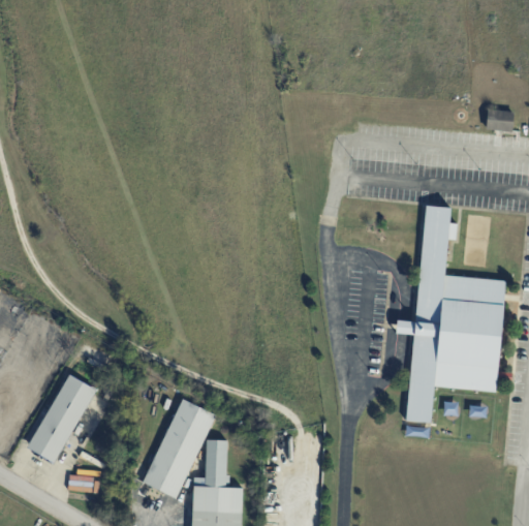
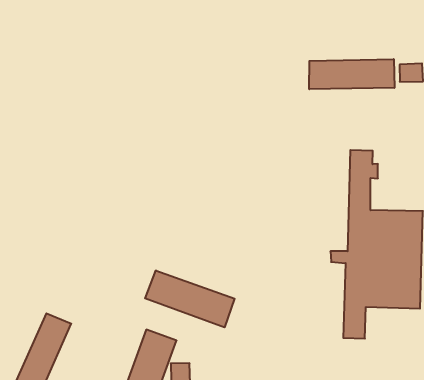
building: none -> [309,59,394,89]
building: none -> [145,270,235,327]

